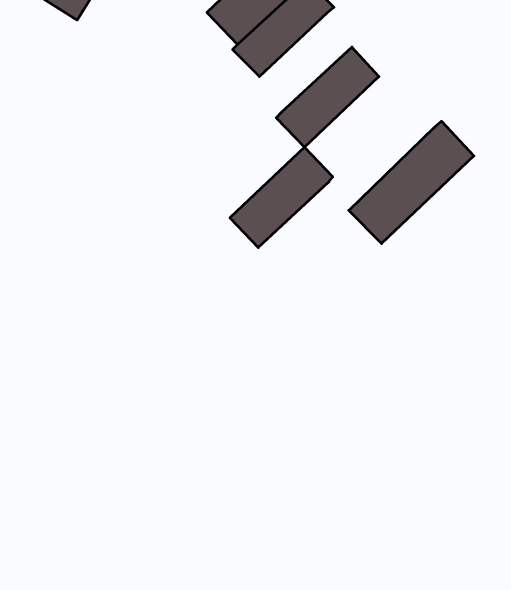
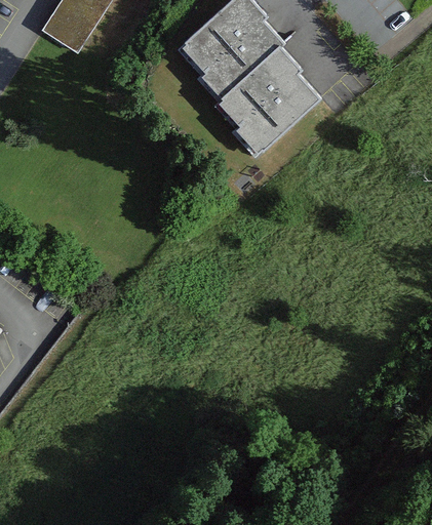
building: [349,121,474,244] -> none
building: [230,147,333,248] -> [219,46,301,126]

